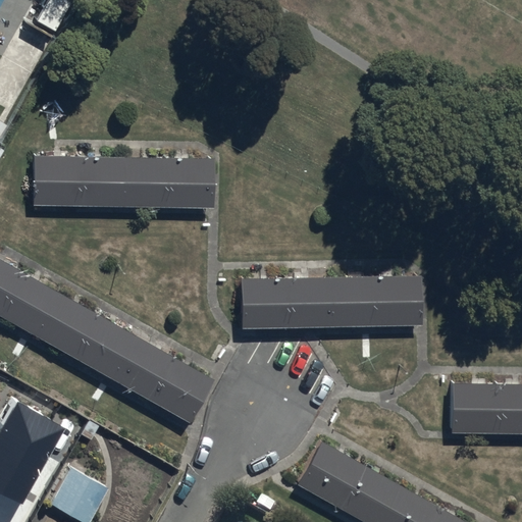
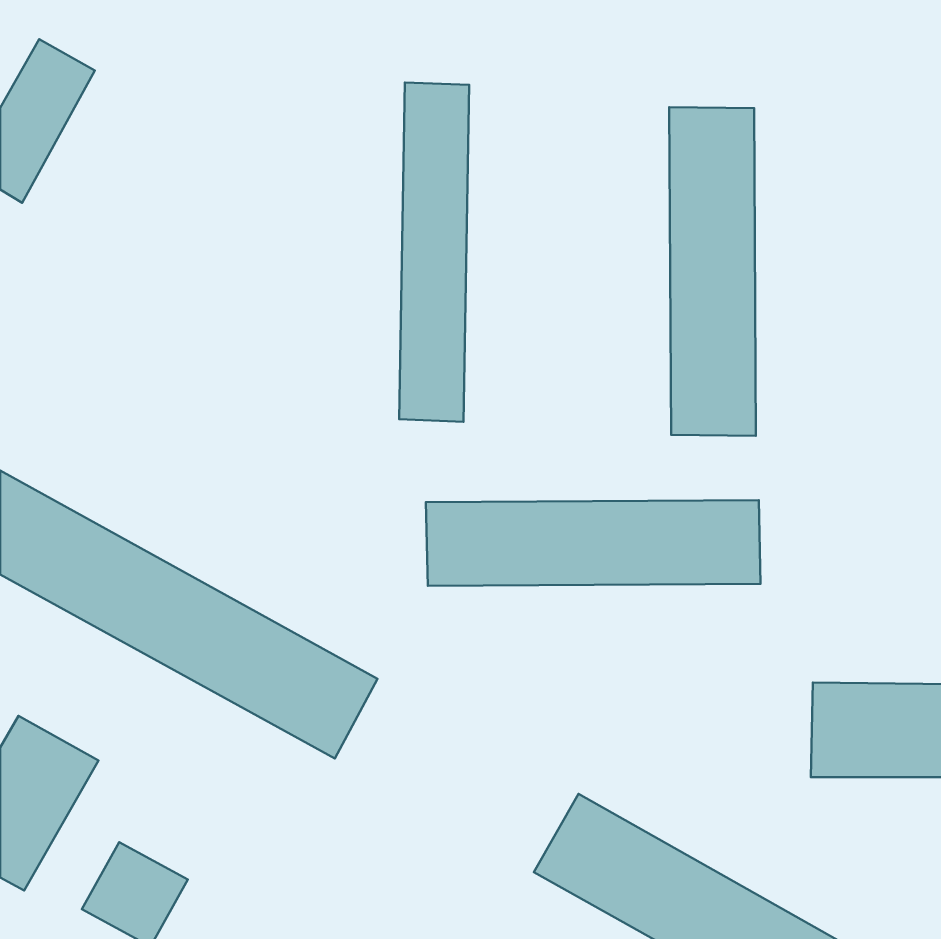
building: none -> [399,82,469,422]
building: none -> [669,107,756,436]
building: [32,156,213,207] -> none

